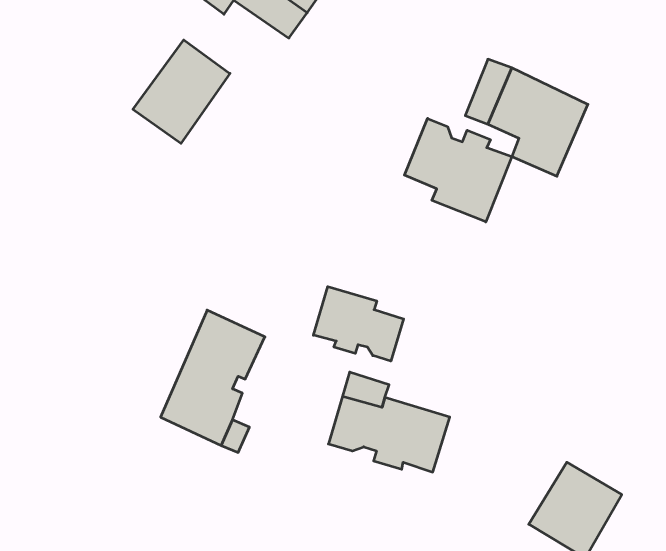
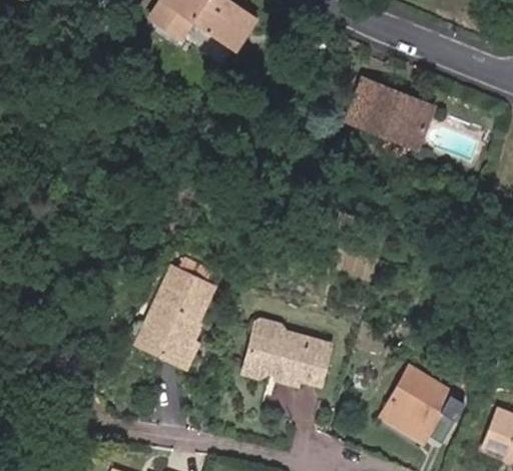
building: [133,40,230,143] -> none
building: [404,118,512,222] -> none
building: [313,287,404,361] -> none

